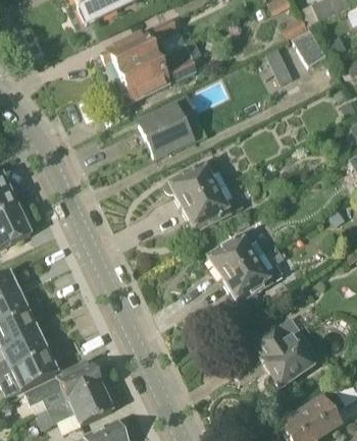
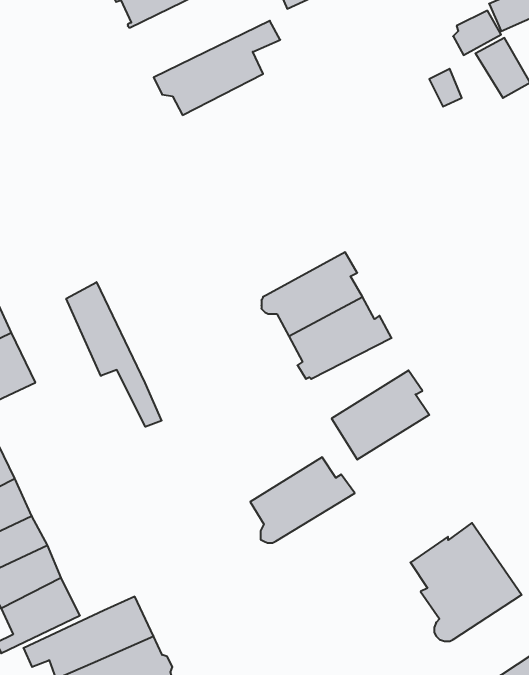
building: [118,39,202,104] -> none
building: [139,101,197,157] -> none
building: none -> [66,282,162,427]
building: [222,254,285,305] -> [250,457,355,543]

